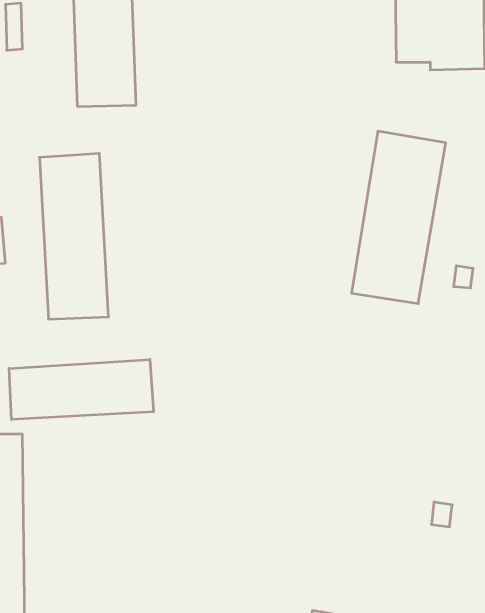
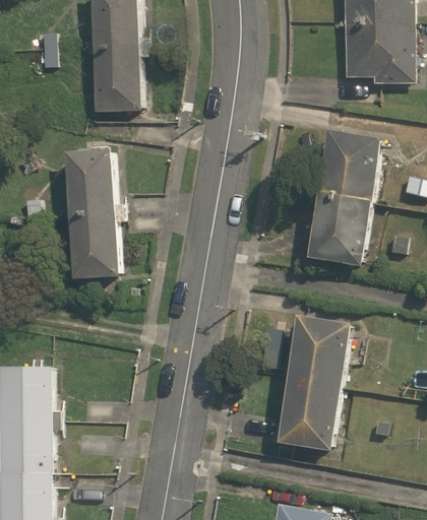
building: [9,359,154,420] -> none
building: none -> [278,315,351,449]

